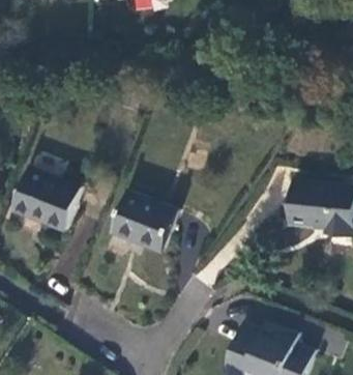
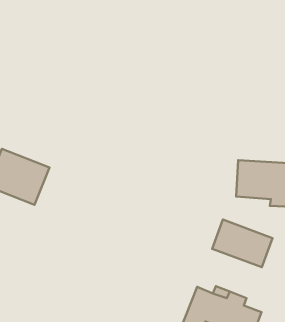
building: [113,192,179,252] -> none
building: none -> [212,220,272,267]

